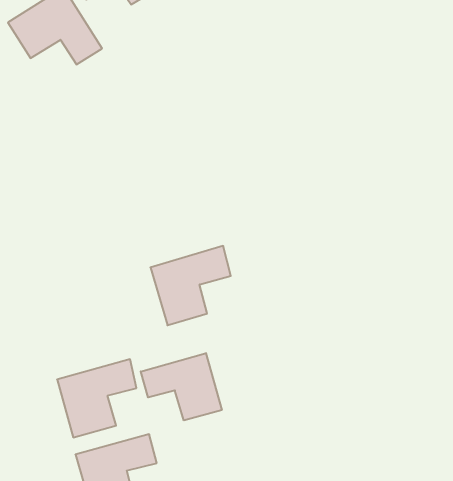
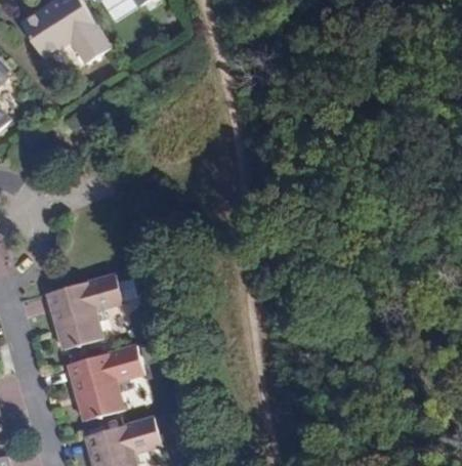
building: [150,246,231,325] -> [46,273,123,349]
building: [141,353,222,420] -> none

